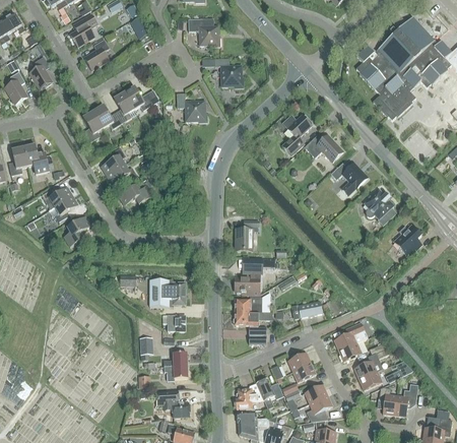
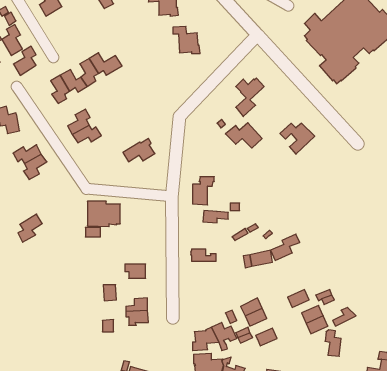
building: [84,39,109,70] -> [13,46,36,75]
building: [176,92,207,122] -> none
building: [304,134,343,162] -> [225,123,262,148]
building: [118,180,152,205] -> [123,138,155,162]
building: [364,189,396,225] -> none
building: [64,215,90,246] -> [18,214,42,242]
building: [394,225,421,257] -> none
building: [235,272,260,295] -> none
building: [149,279,185,307] -> [87,201,120,227]
building: [234,312,272,343] -> none
building: [333,322,365,351] -> [271,234,300,260]
building: [394,383,417,417] -> none
building: [155,391,190,418] -> none
building: [306,395,332,422] -> none

